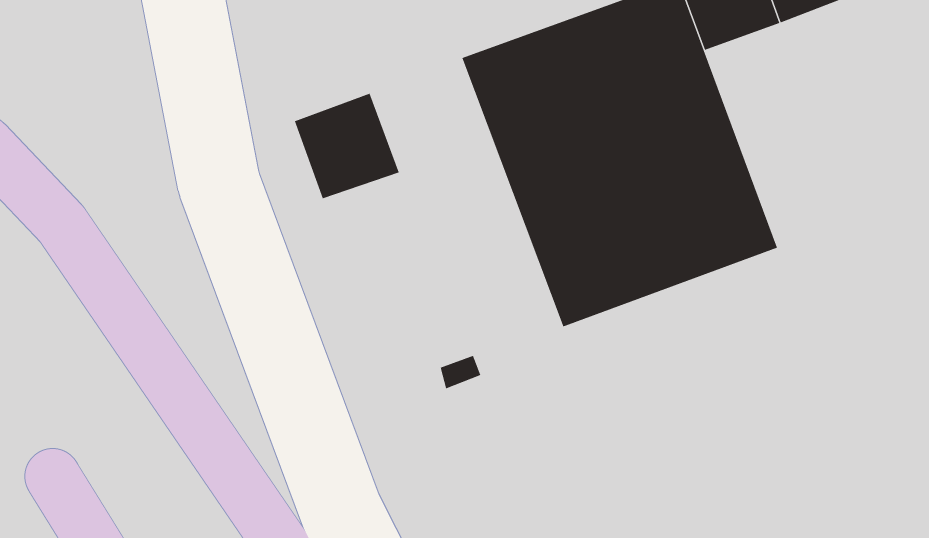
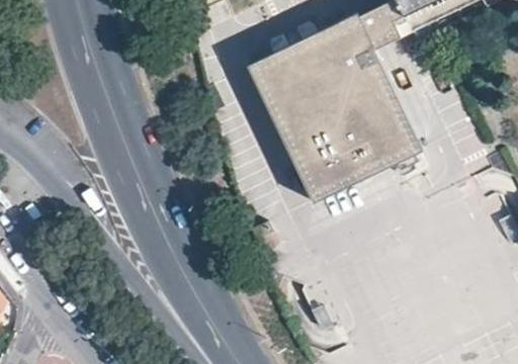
building: [294,93,399,199] -> none

